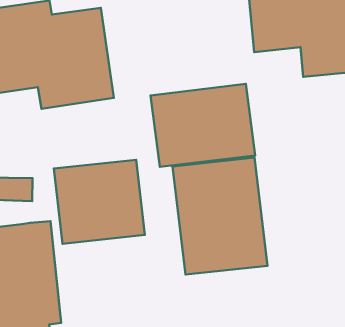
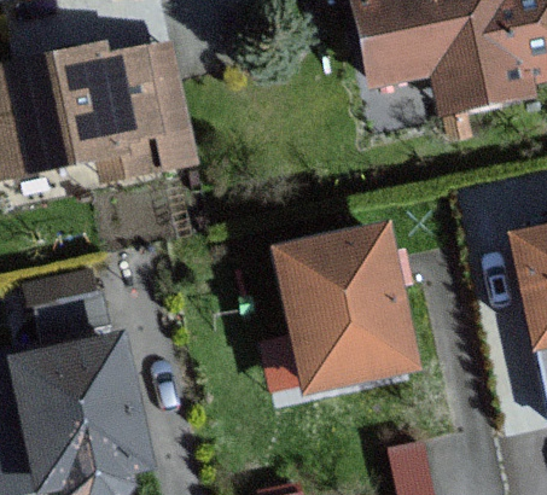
building: [150,84,255,167] -> none
building: [54,160,145,244] -> none

